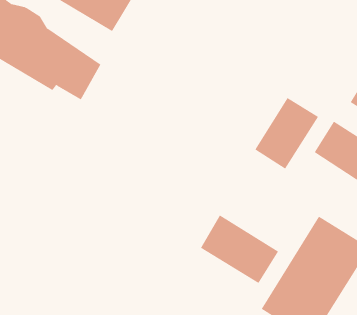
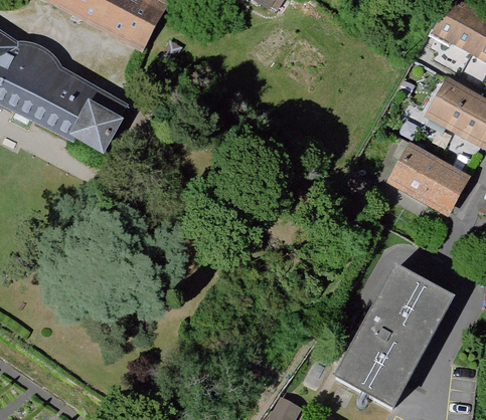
building: [255,97,319,169] -> none
building: [200,215,279,284] -> none

